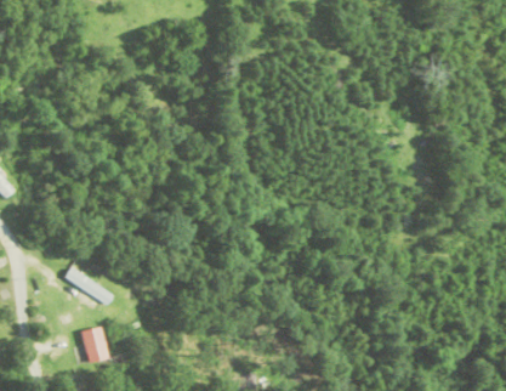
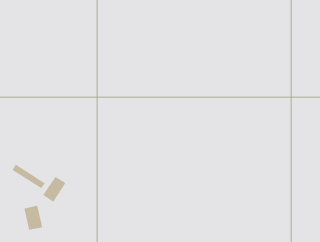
building: none -> [42,176,67,203]

